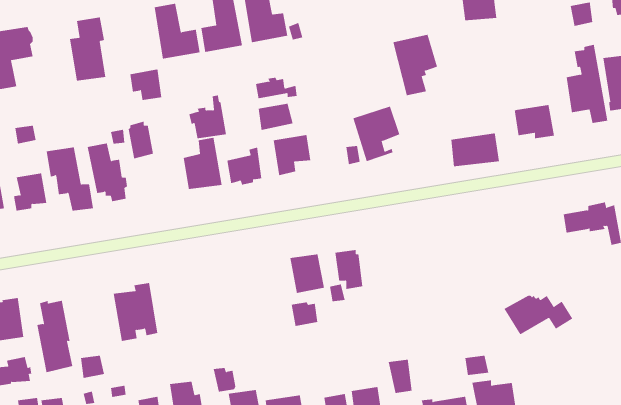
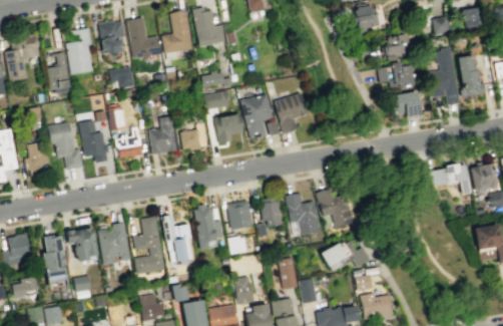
building: none -> [99,20,126,54]
building: none -> [385,33,412,60]
building: [393,34,438,96] -> [241,93,275,138]
building: none -> [48,51,71,90]
building: [188,95,227,139] -> [115,125,143,157]
building: [450,133,500,167] -> [379,62,415,87]
building: none -> [318,189,356,228]
building: none -> [287,193,321,235]
building: none -> [194,204,224,250]
building: none -> [161,215,192,264]
building: none -> [133,216,165,274]
building: none -> [66,228,100,266]
building: [503,295,573,335] -> [321,243,372,272]
building: none -> [279,257,299,289]
building: none -> [234,276,255,304]

